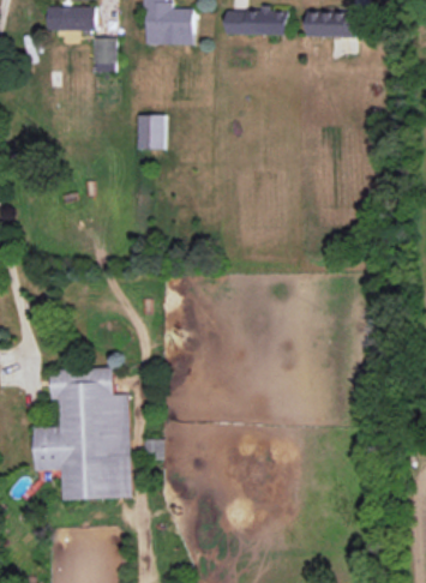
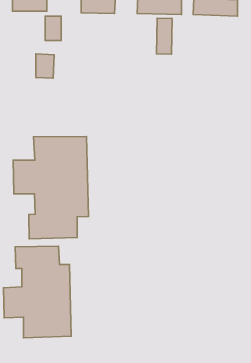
building: none -> [156,18,172,54]
building: [137,115,163,150] -> [36,54,54,78]
building: none -> [13,136,88,239]

